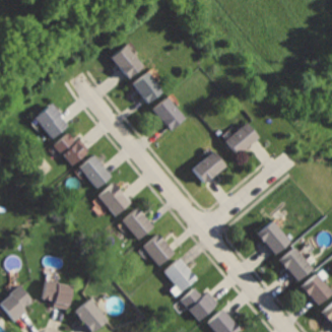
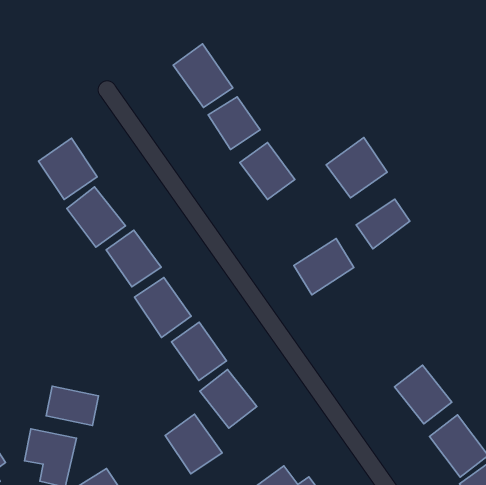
building: none -> [326,138,387,198]
building: none -> [46,386,98,425]
building: [163,258,198,293] -> [165,414,222,474]

